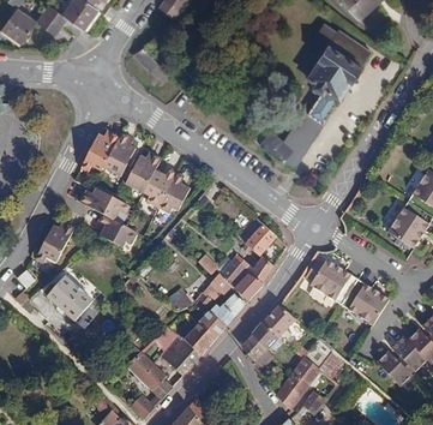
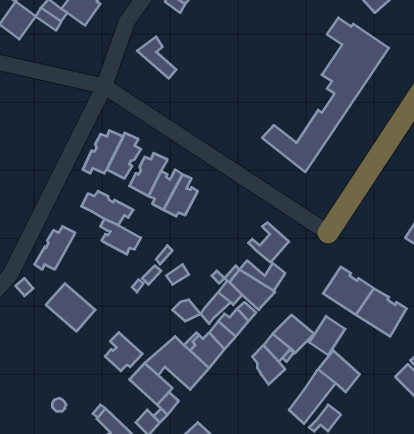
building: none -> [309,316,345,355]
building: none -> [105,332,142,371]

